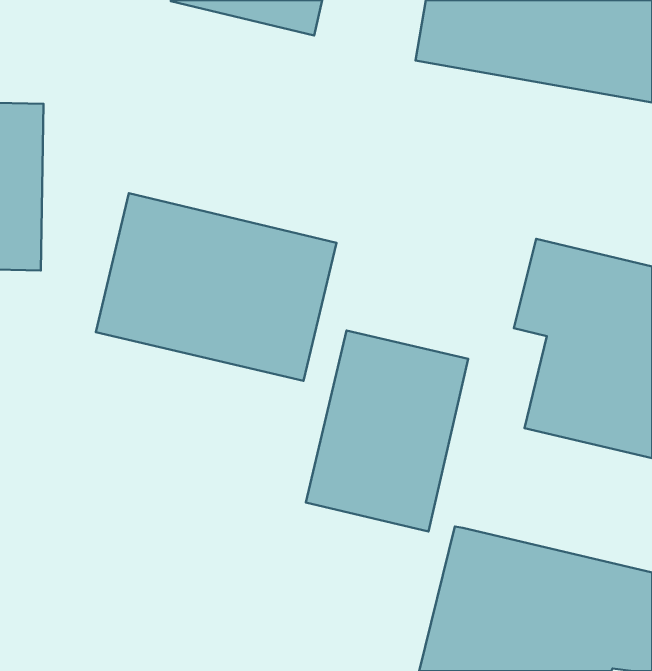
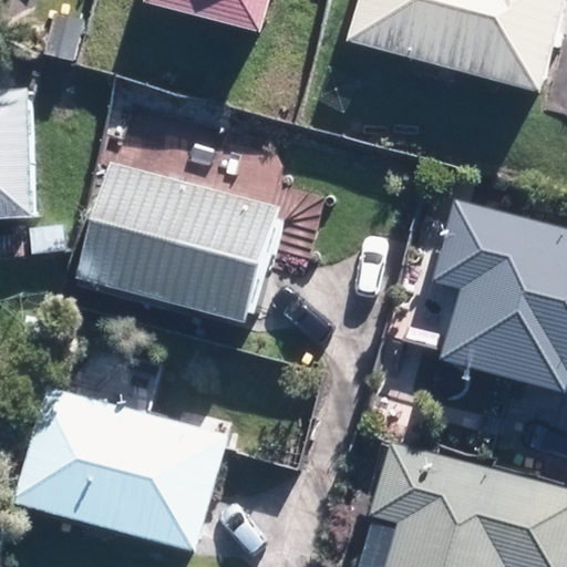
building: [306,331,468,531] -> none
building: none -> [18,390,235,553]

